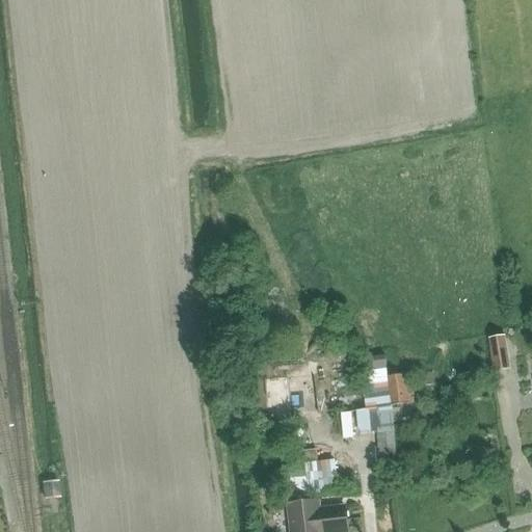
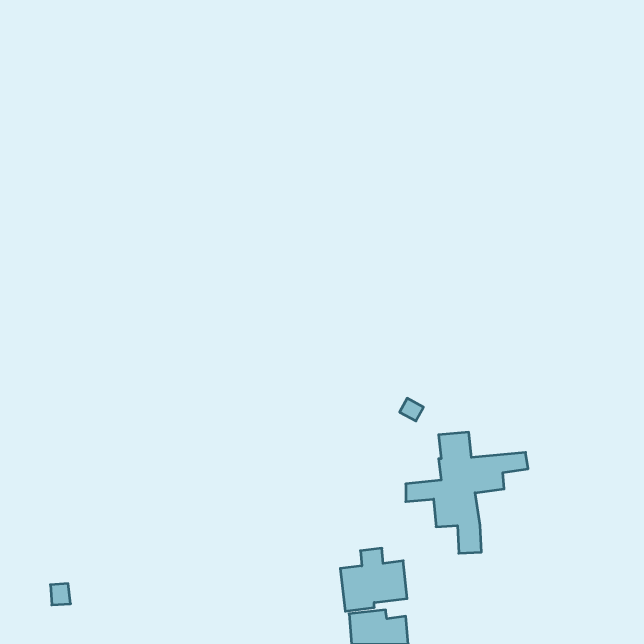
building: [489,337,510,373] -> none

